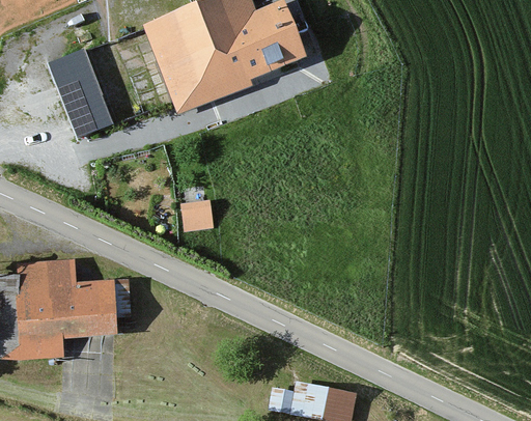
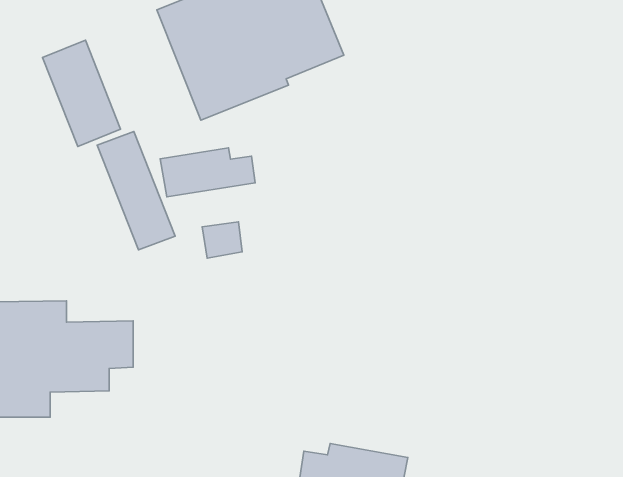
building: none -> [97,132,175,250]
building: none -> [160,148,255,197]

